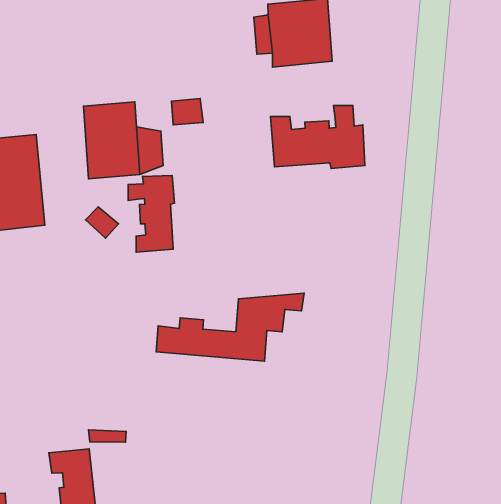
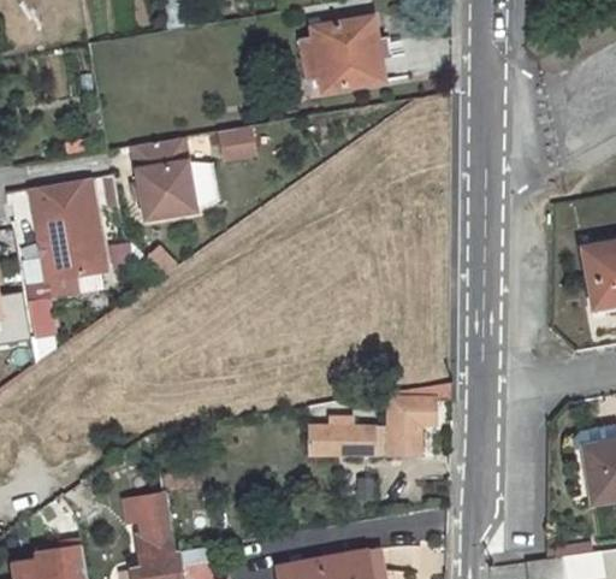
building: [270,105,365,169] -> none
building: [128,176,175,252] -> none
building: [156,293,304,361] -> [308,383,454,455]

